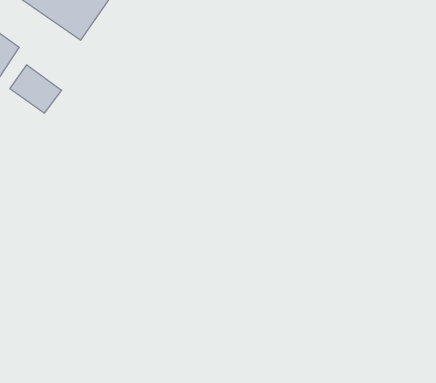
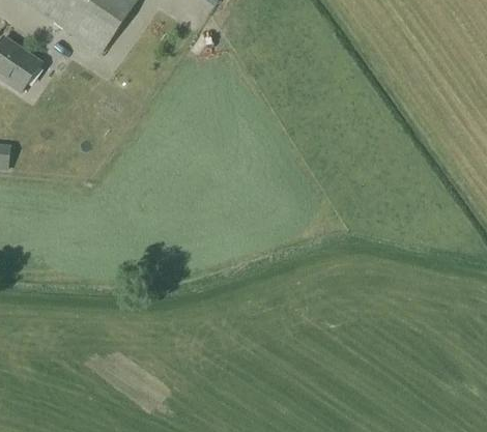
building: [10,65,62,113] -> none

